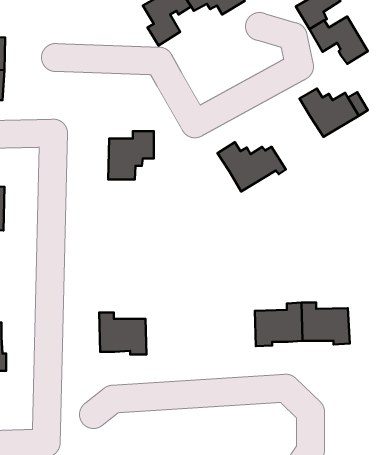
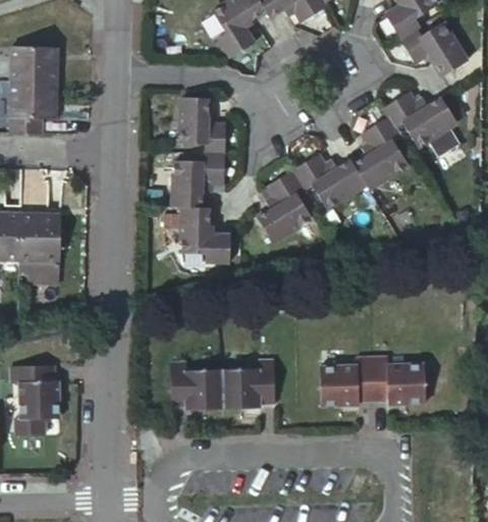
building: none -> [179,97,224,152]
building: none -> [356,115,403,195]
building: none -> [252,176,309,252]
building: none -> [181,206,230,261]
building: none -> [215,354,268,402]

